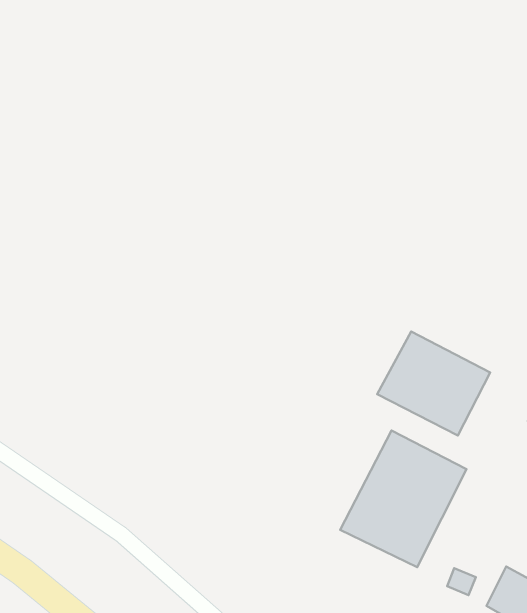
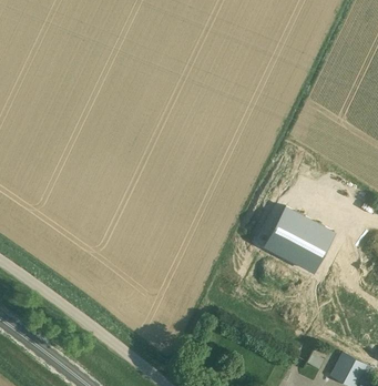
building: [340,430,467,567] -> none

